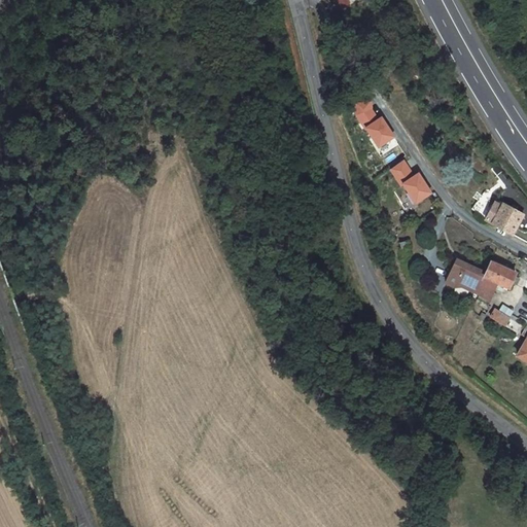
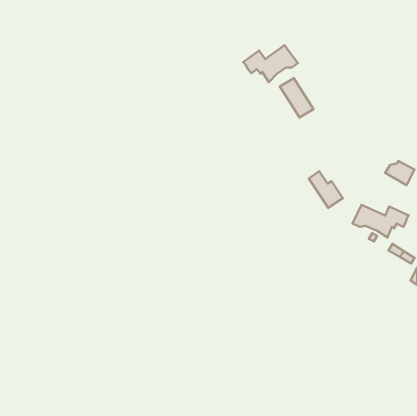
building: none -> [243,45,298,82]
building: [391,159,434,205] -> [309,171,343,208]

